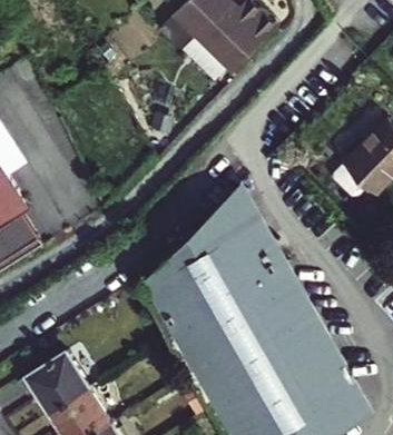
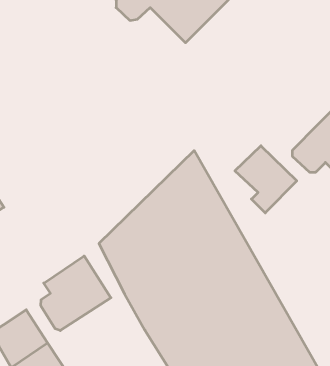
building: none -> [235,146,297,213]
building: none -> [41,256,111,331]

